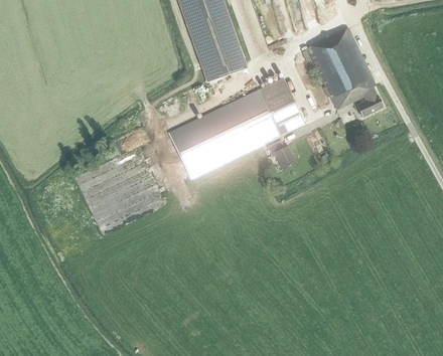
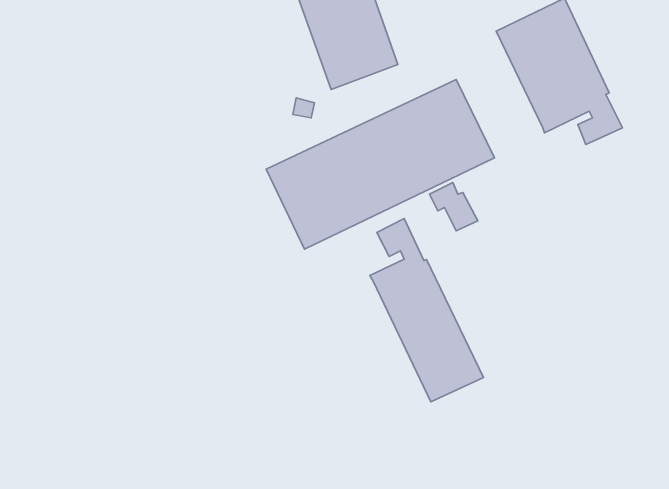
building: none -> [370,219,483,402]

